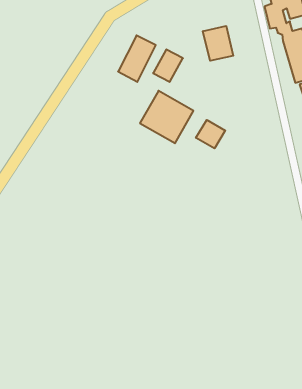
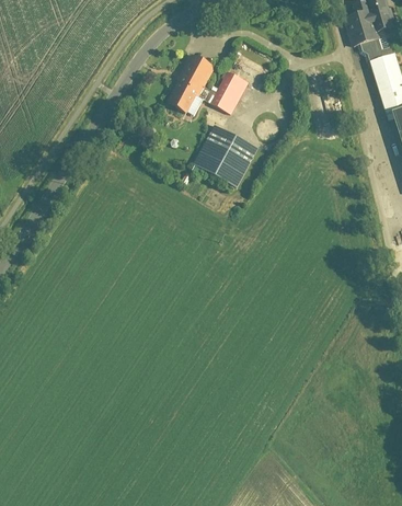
building: [203,26,233,61] -> none
building: [196,120,225,148] -> none

